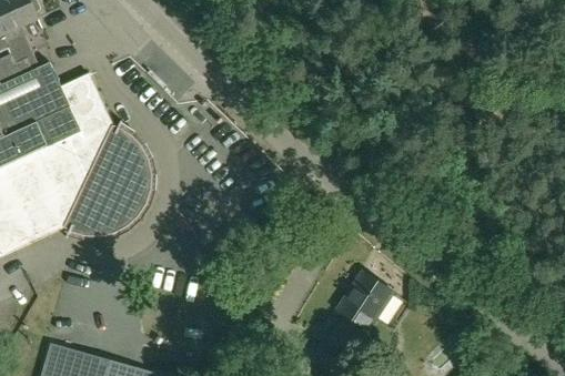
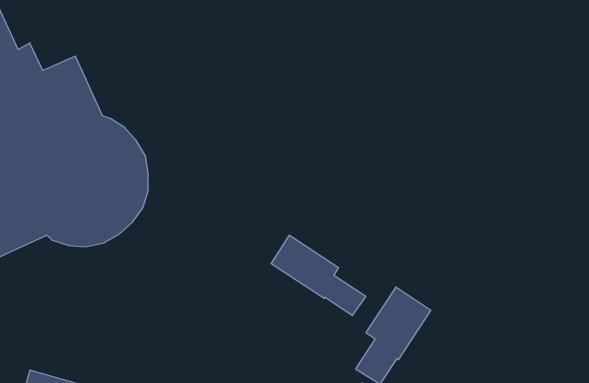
building: none -> [271,235,366,316]

